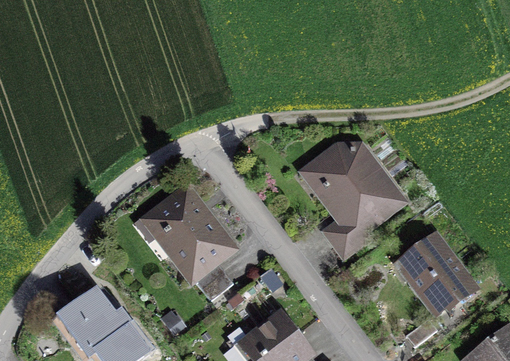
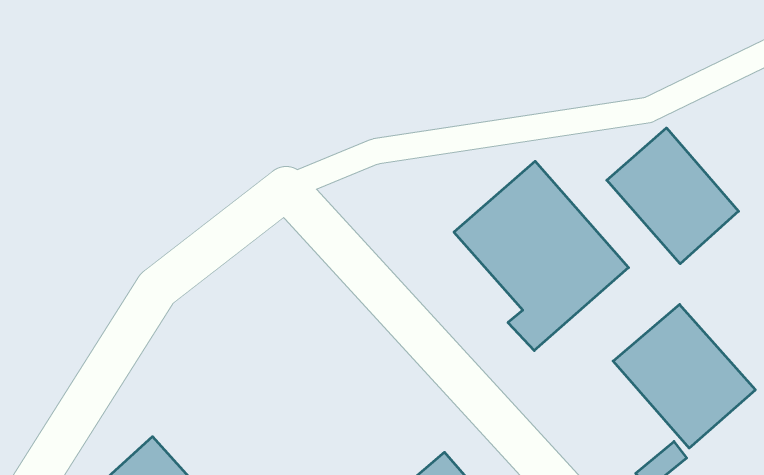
building: none -> [607,128,739,264]
building: [136,180,241,289] -> none

